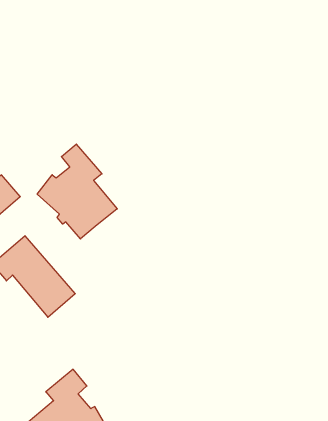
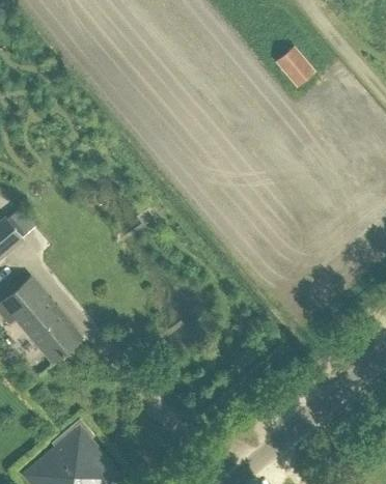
building: none -> [277,47,315,87]
building: [37,144,117,239] -> none

